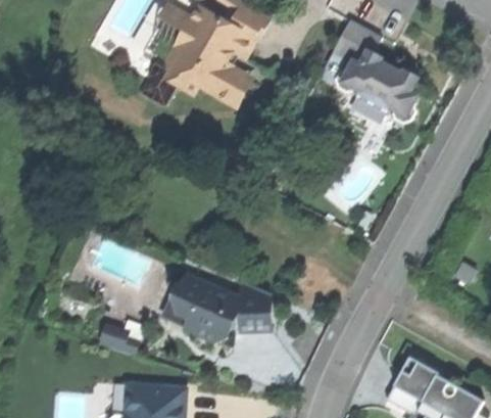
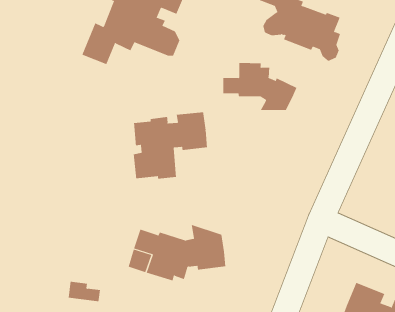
building: none -> [223,62,297,111]
building: none -> [133,111,207,179]

